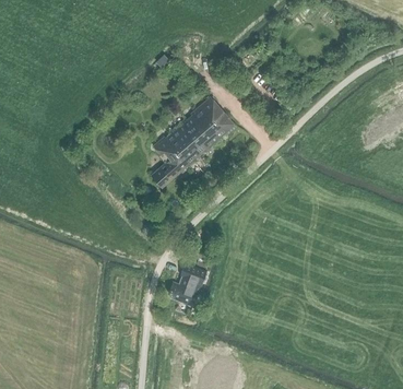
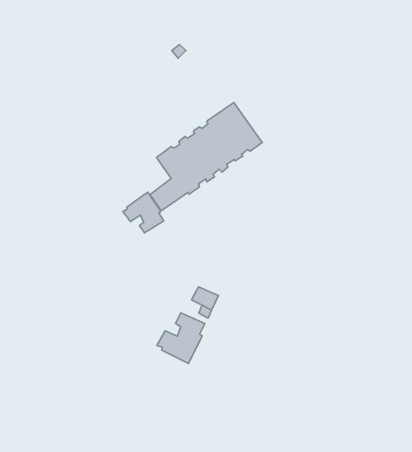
building: none -> [123,192,164,233]

